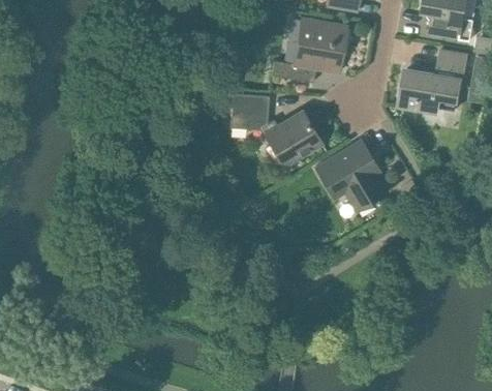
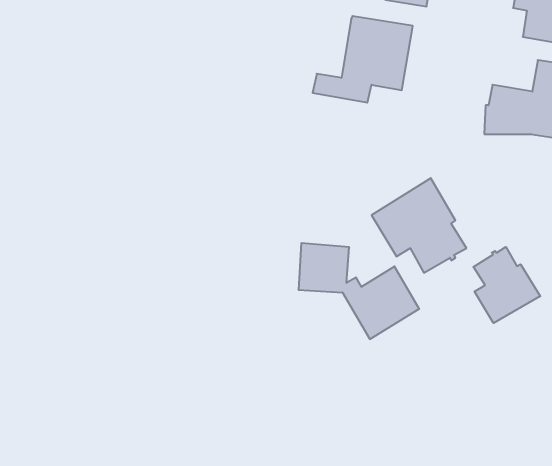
building: [230,92,321,164] -> [298,243,419,339]
building: none -> [473,247,540,323]

